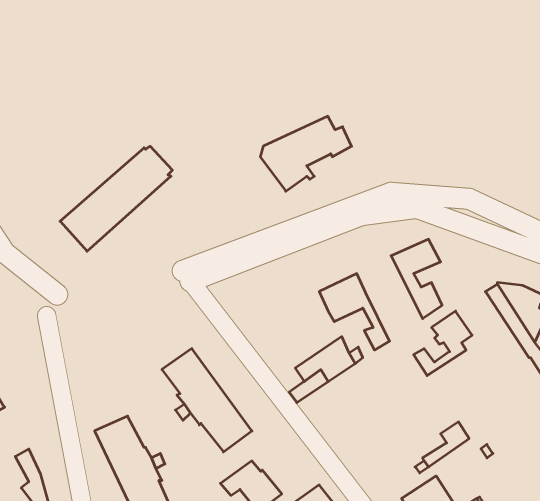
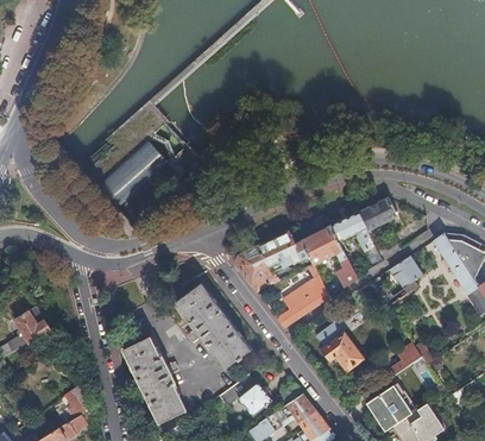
building: [260,116,352,191] -> [235,232,308,291]
building: none -> [330,212,369,241]
building: none -> [322,326,361,371]

